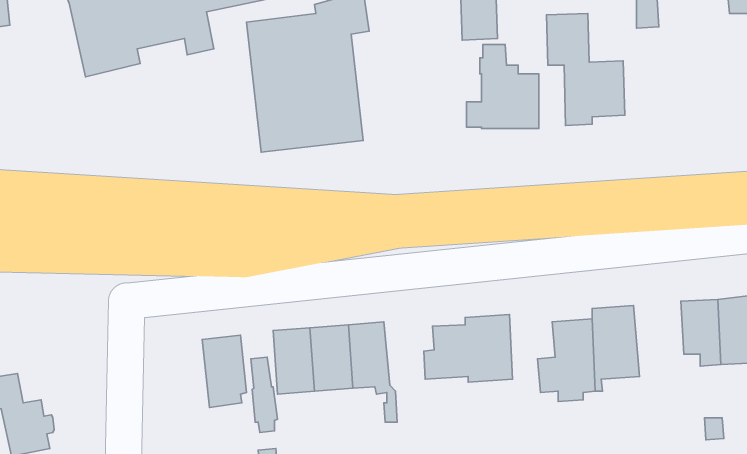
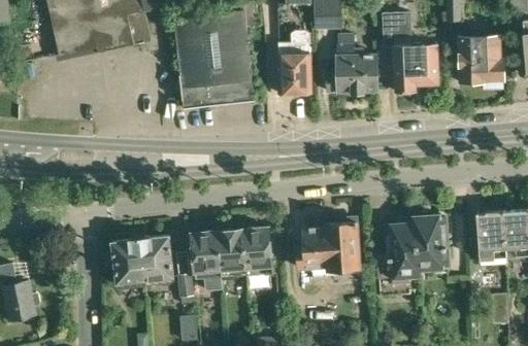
building: none -> [277,30,311,94]
building: none -> [459,35,503,89]
building: none -> [112,239,147,289]

